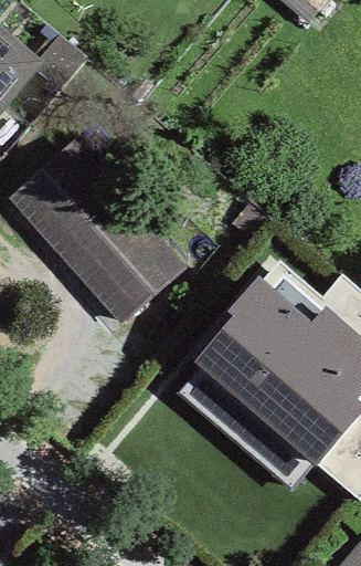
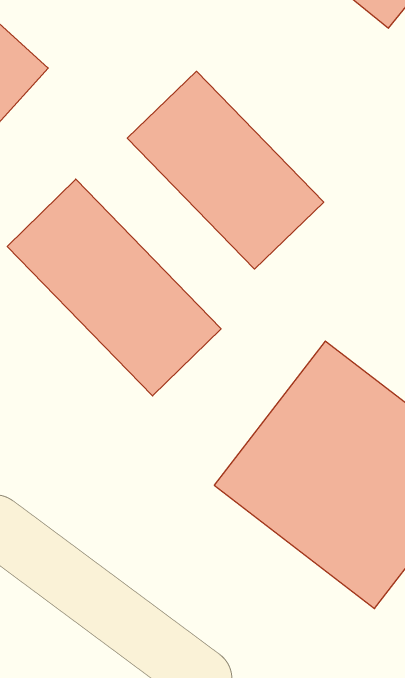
building: none -> [127,71,324,269]

